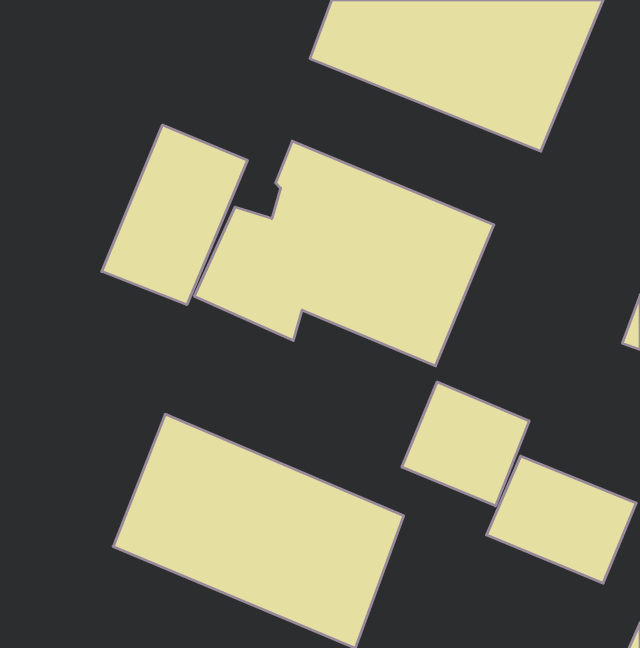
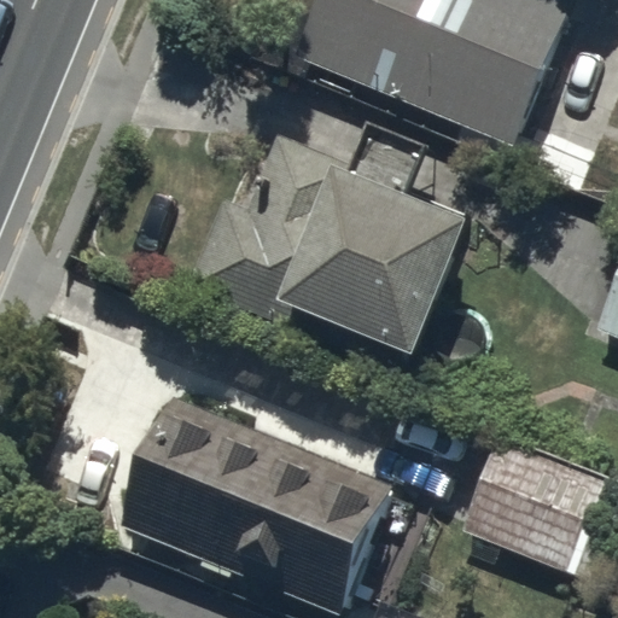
building: [102,125,247,305] -> none
building: [402,382,529,506] -> none

